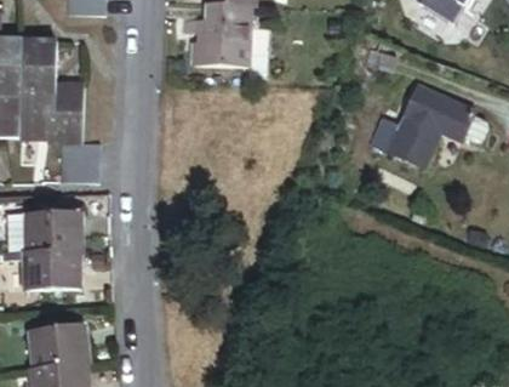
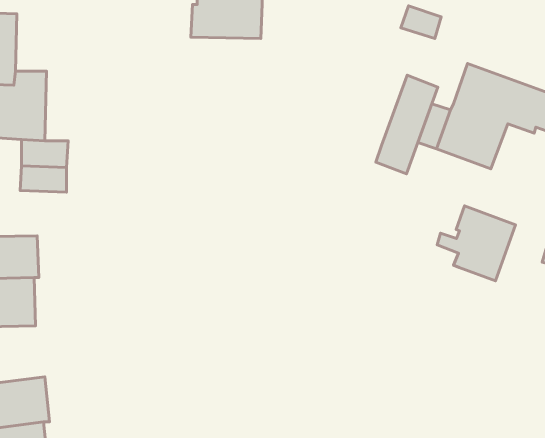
building: none -> [376,75,438,174]
building: none -> [437,206,516,281]

